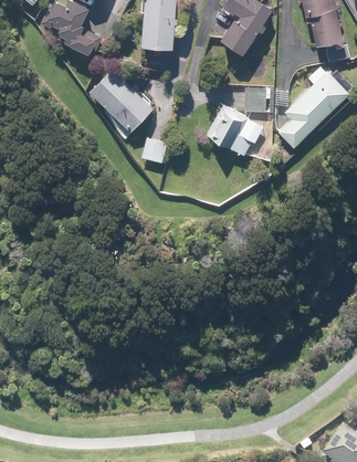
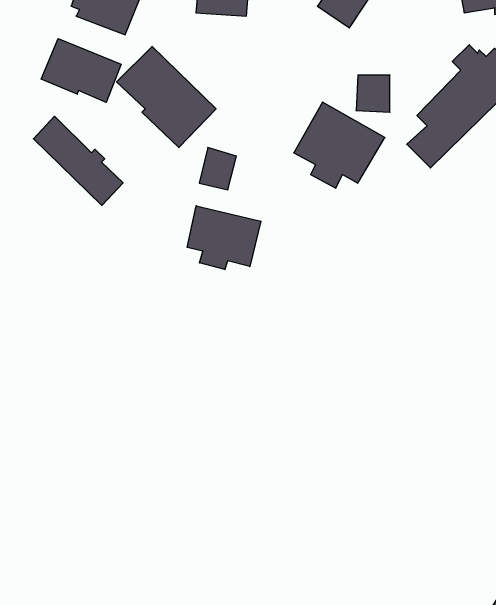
building: none -> [41,39,121,102]
building: none -> [33,116,123,205]
building: none -> [187,206,261,270]

